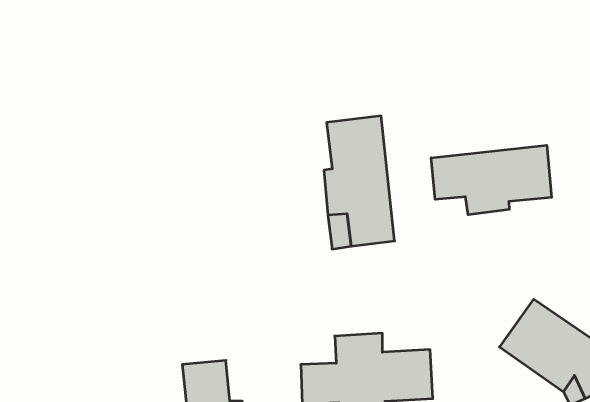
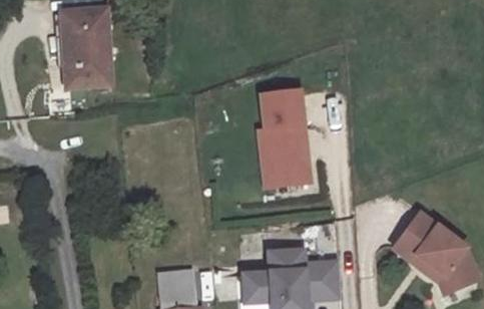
building: none -> [65,10,111,84]
building: [431,145,552,215] -> none

